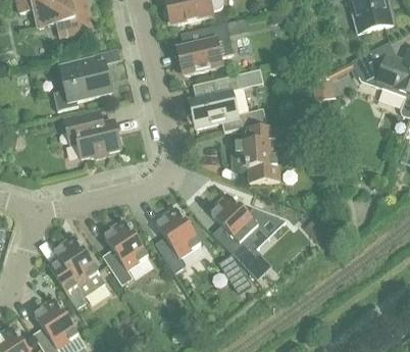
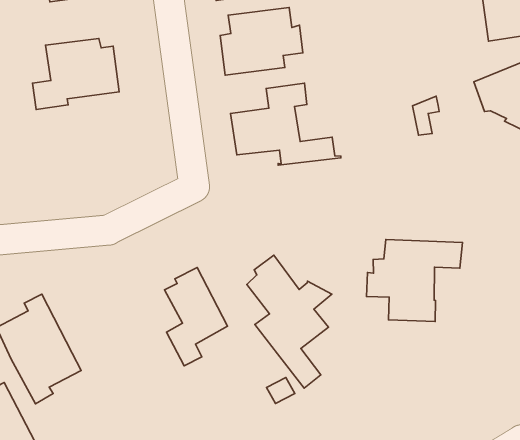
building: [64,111,120,157] -> none
building: [232,124,294,182] -> [367,240,462,321]
building: [104,217,149,285] -> none

